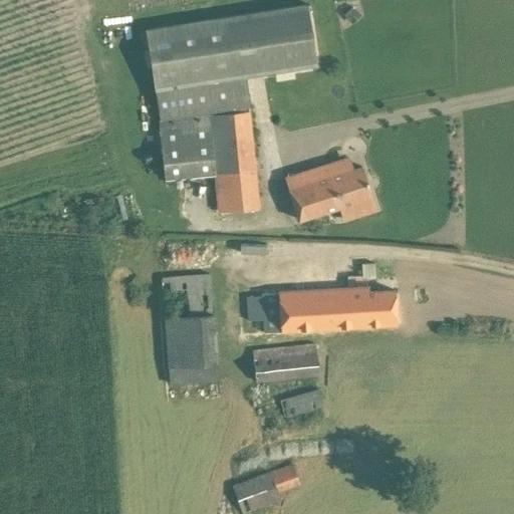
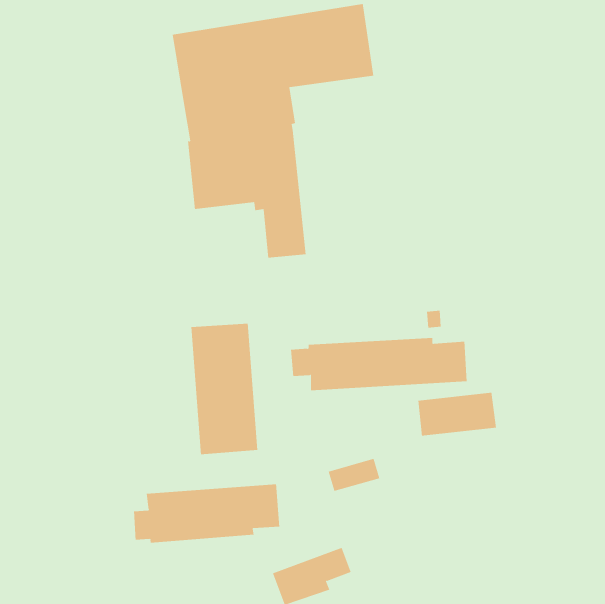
building: [285,160,376,220] -> none
building: [252,344,319,381] -> [418,392,497,436]
building: none -> [134,484,280,543]

